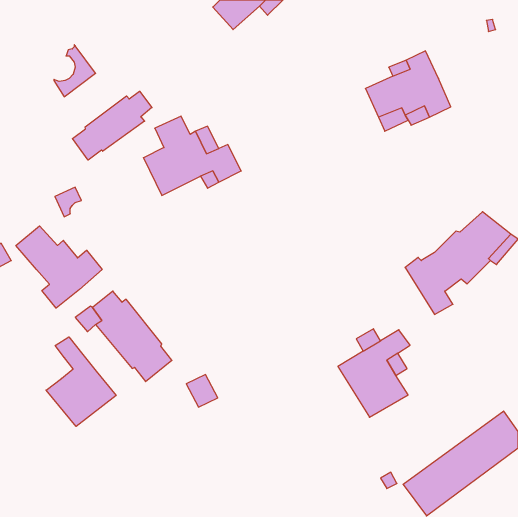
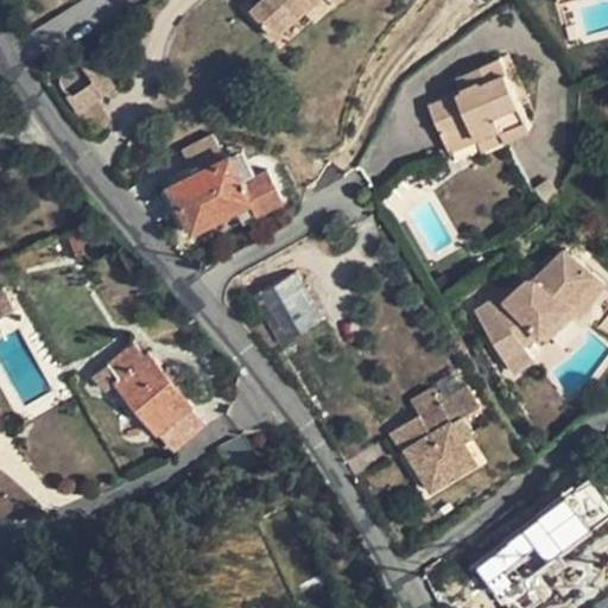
building: [72,91,152,160] -> none
building: [16,226,102,308] -> none
building: none -> [253,277,321,344]
building: [46,337,116,426] -> none

